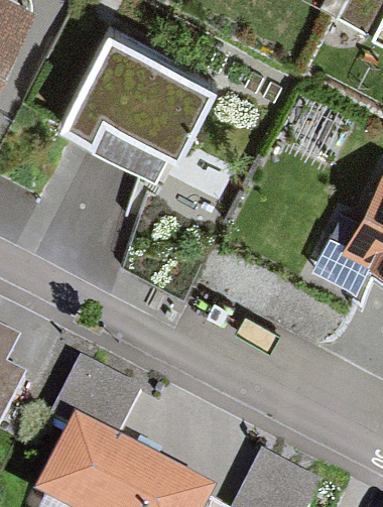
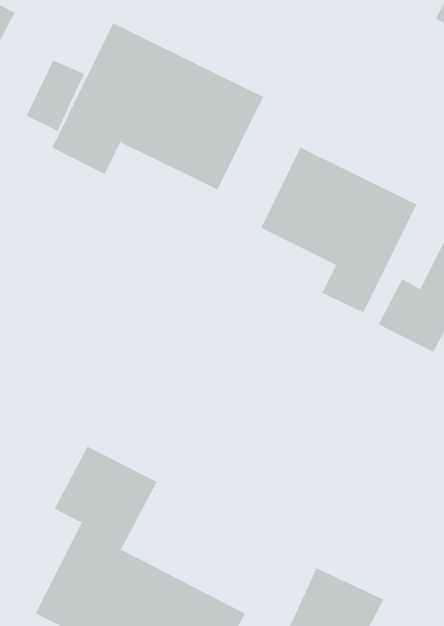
building: none -> [260,147,417,313]

